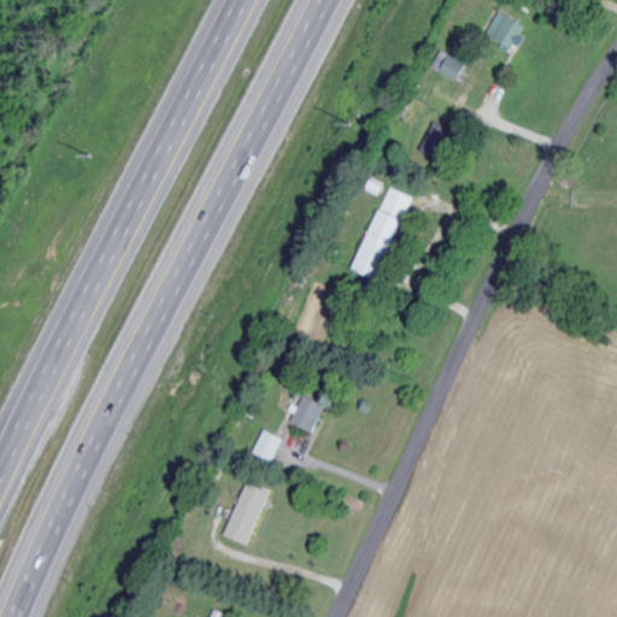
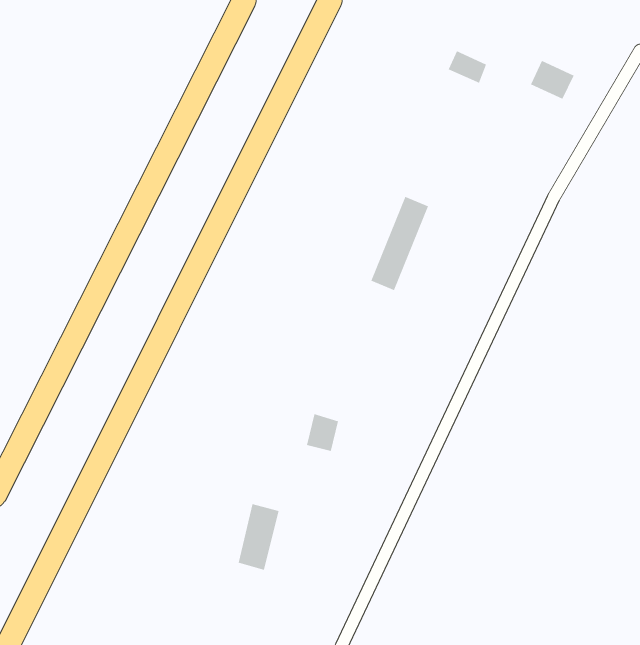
building: [482,11,524,48] -> [530,60,574,100]
building: [251,429,282,462] -> none

